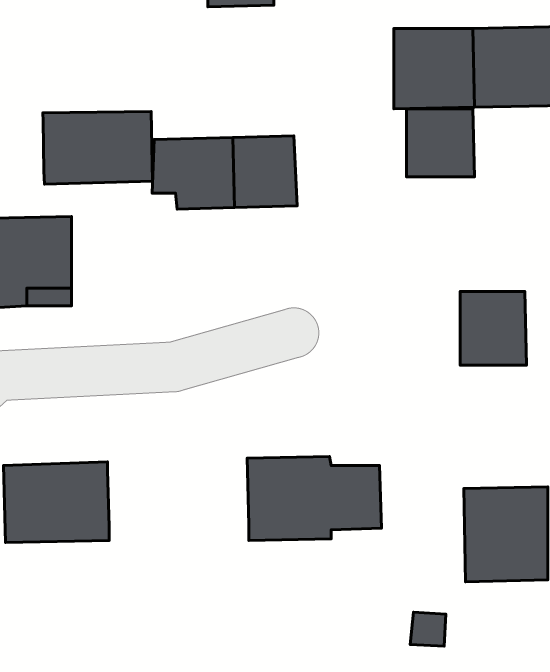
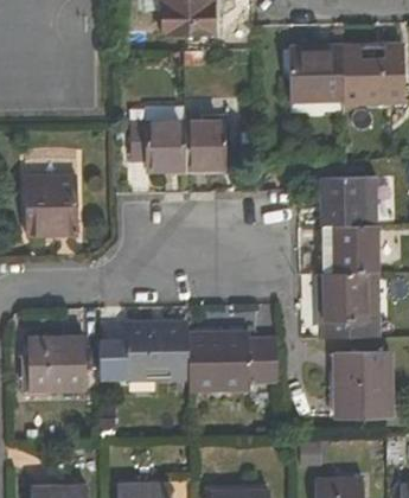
building: [406,109,474,177] -> [321,179,366,224]
building: [43,111,153,184] -> none
building: none -> [319,273,377,338]
building: none -> [100,323,193,379]

